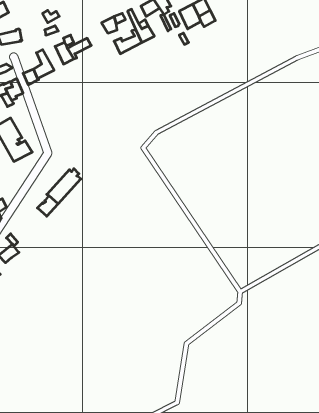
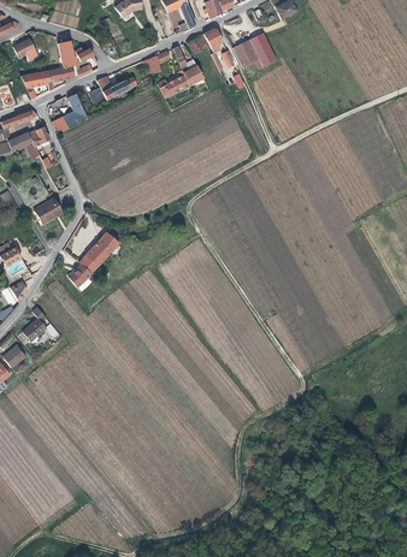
building: none -> [48,41,76,82]

